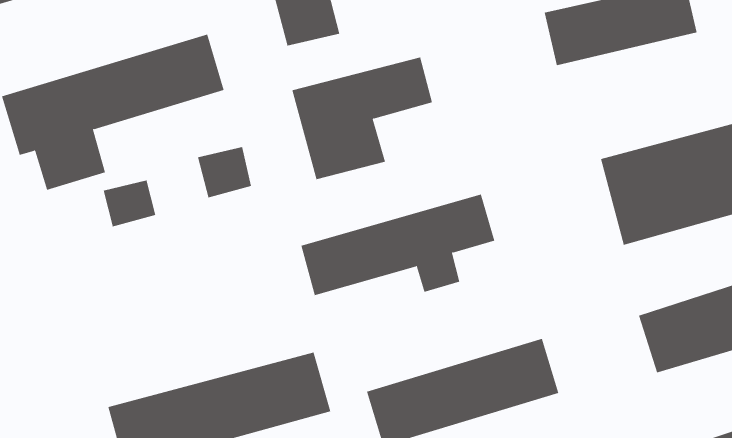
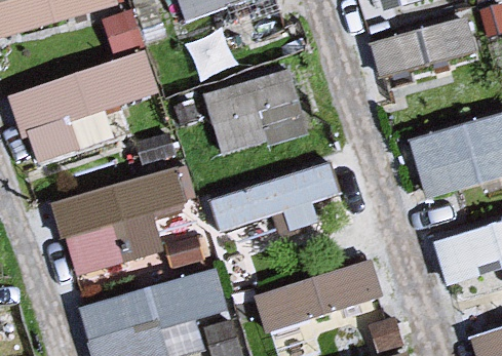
building: none -> [54,166,197,278]

